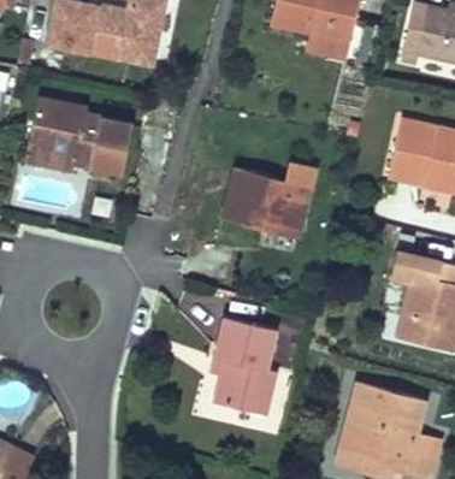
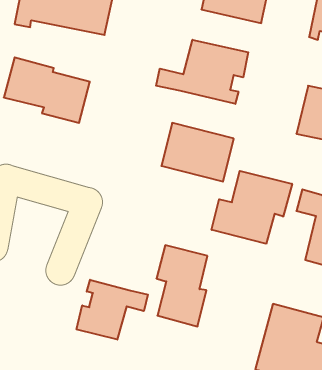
building: none -> [156,40,248,104]
building: none -> [212,171,292,244]
building: none -> [77,280,148,340]

